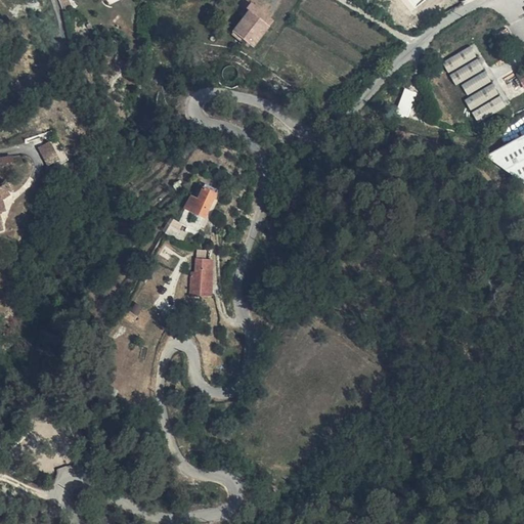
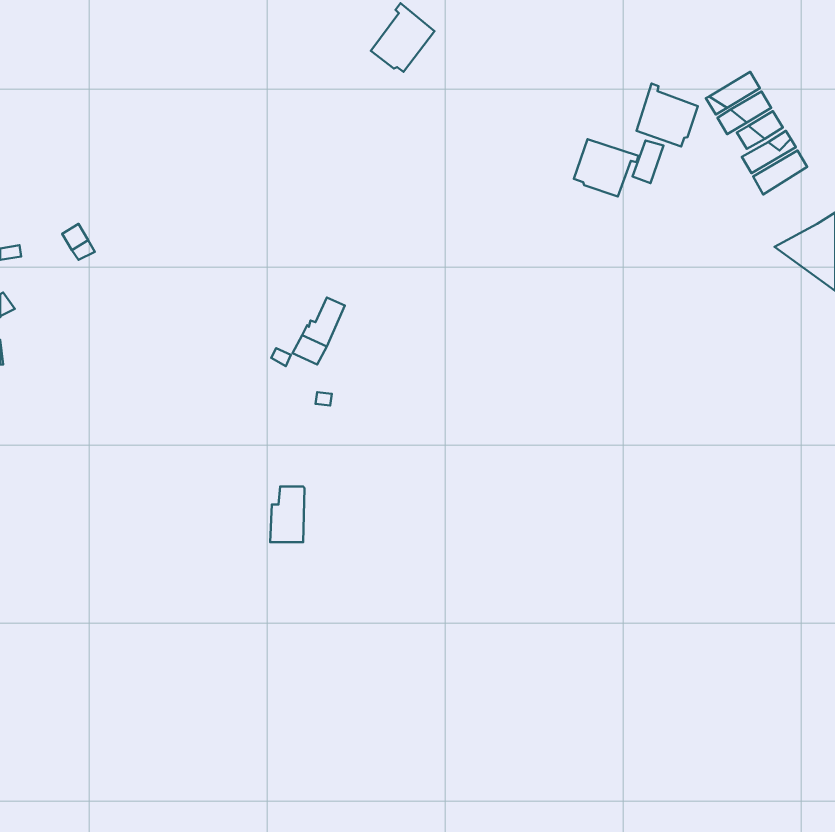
building: none -> [636,84,698,146]
building: none -> [574,139,639,197]
building: [190,259,212,294] -> [270,487,305,542]

